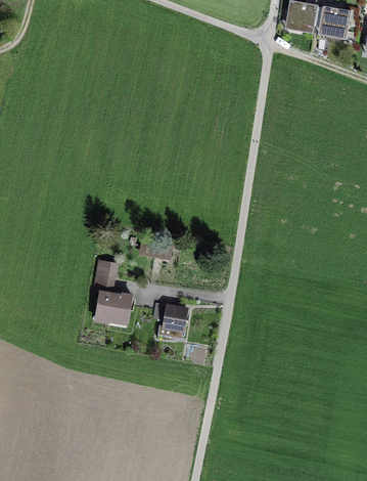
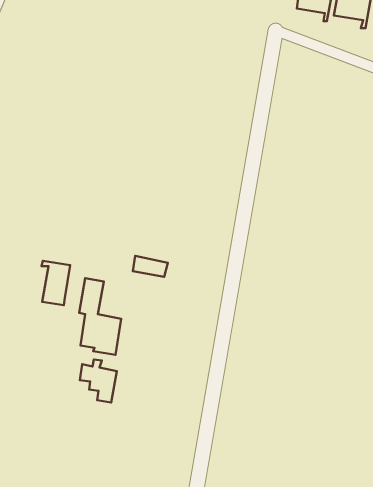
building: none -> [41,261,70,305]
building: [154,300,187,338] -> [80,359,117,402]

